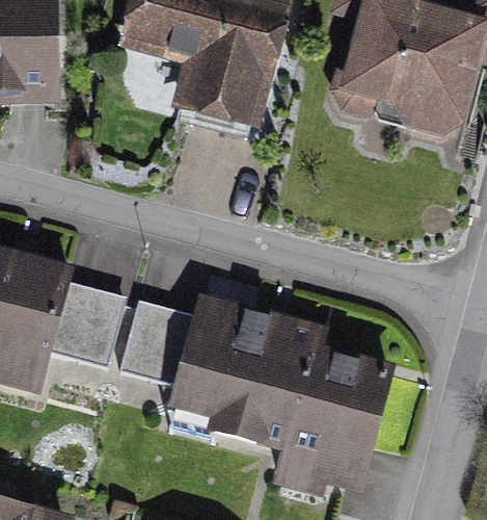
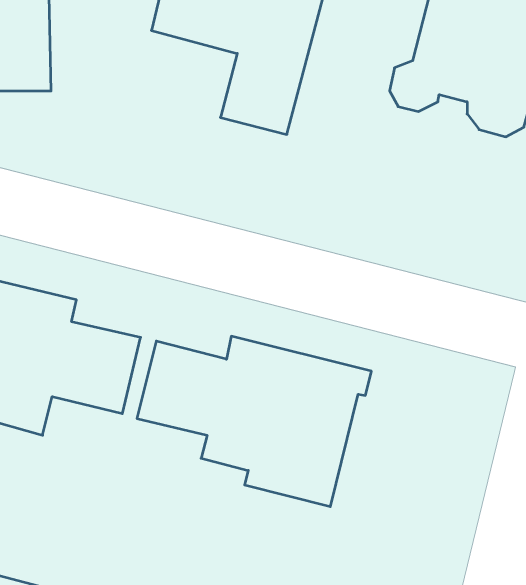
building: [286,350,389,487] -> none

